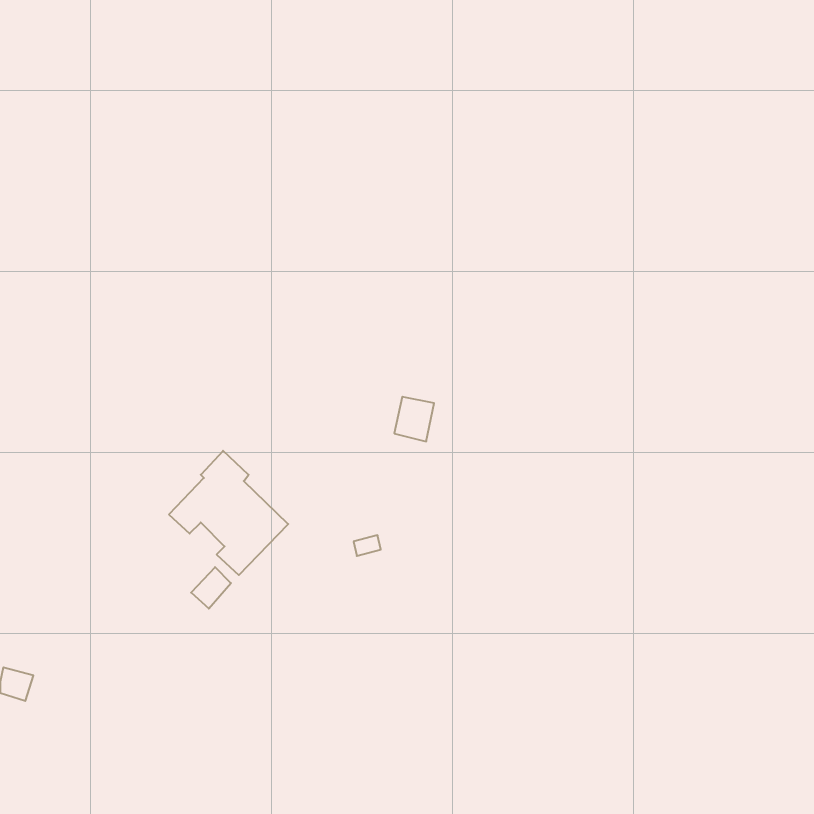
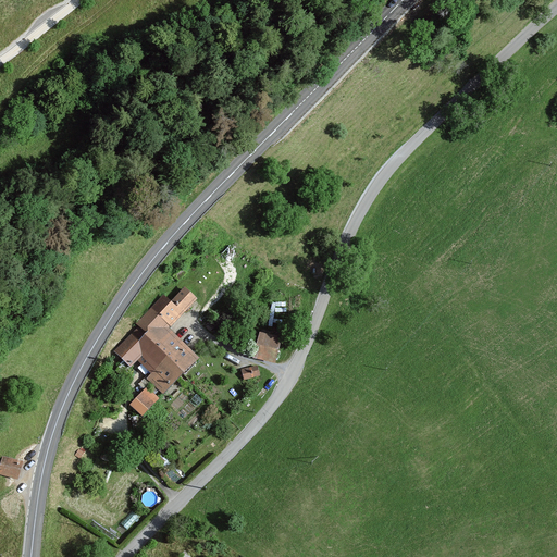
building: [394,397,434,441] -> [253,332,281,362]
building: none -> [152,288,195,324]

